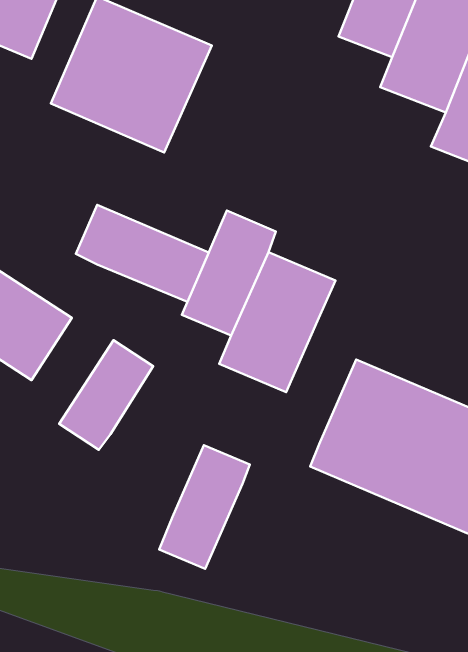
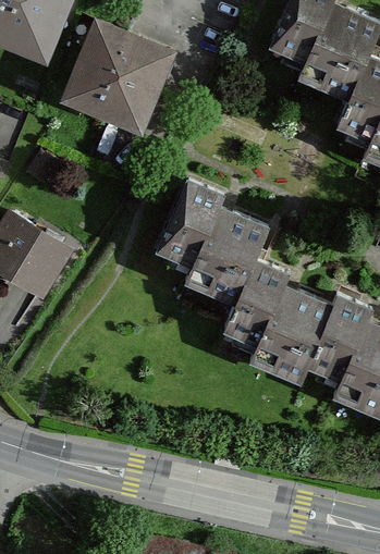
building: [76,205,209,302] -> none
building: [59,340,153,450] -> none
building: [159,445,250,569] -> [223,257,290,347]

